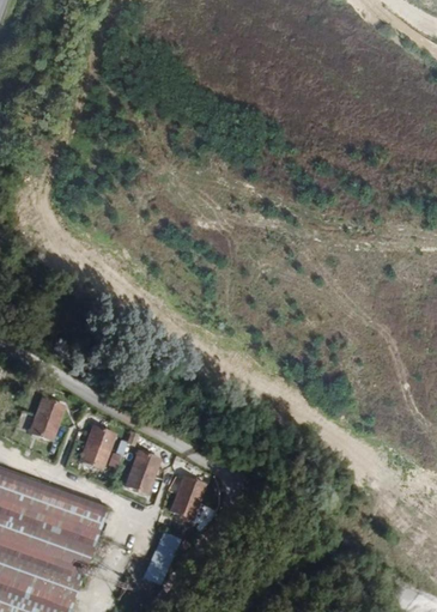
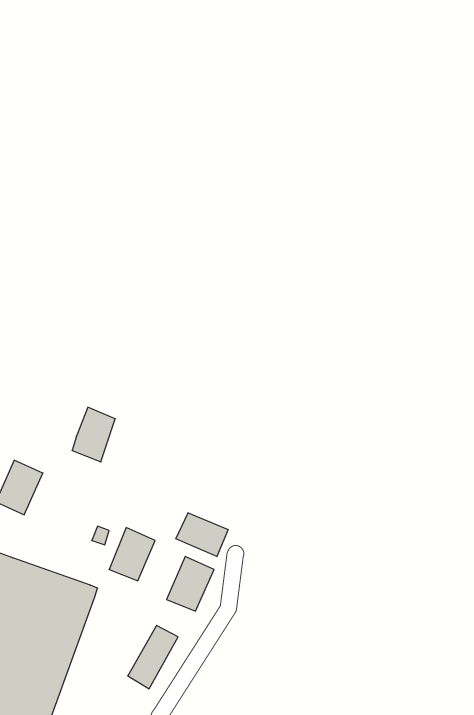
building: [79,428,115,473] -> [72,407,115,462]
building: none -> [176,513,228,557]

